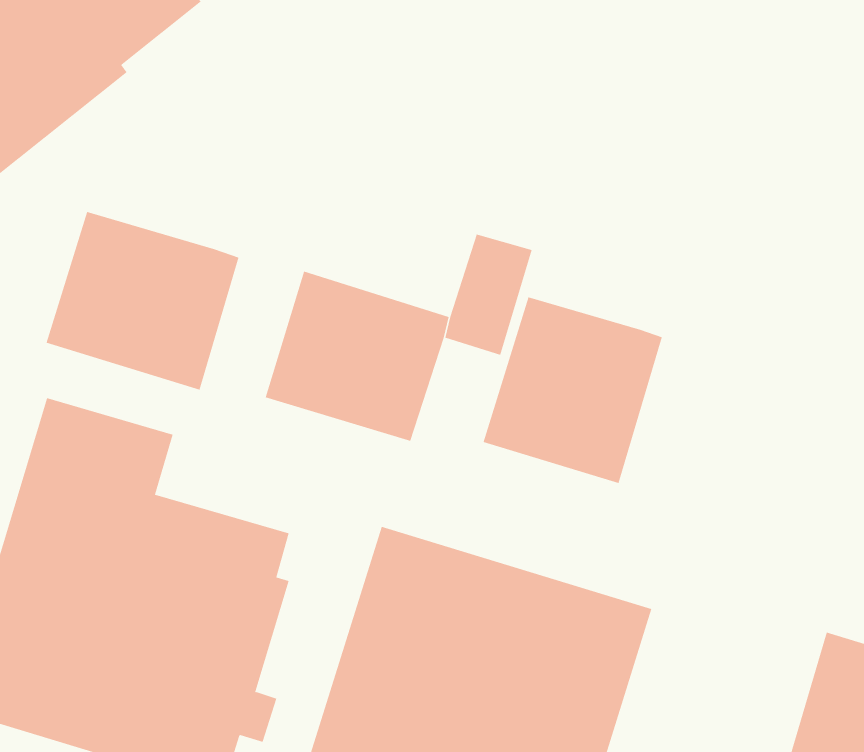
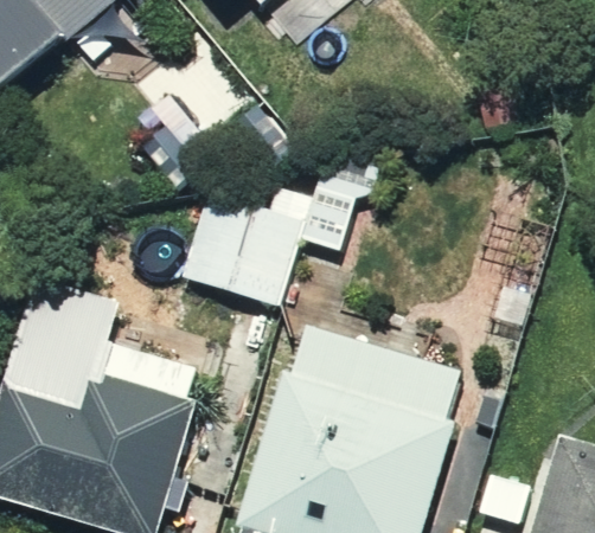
building: [46,211,239,390] -> none
building: [483,296,663,484] -> none

